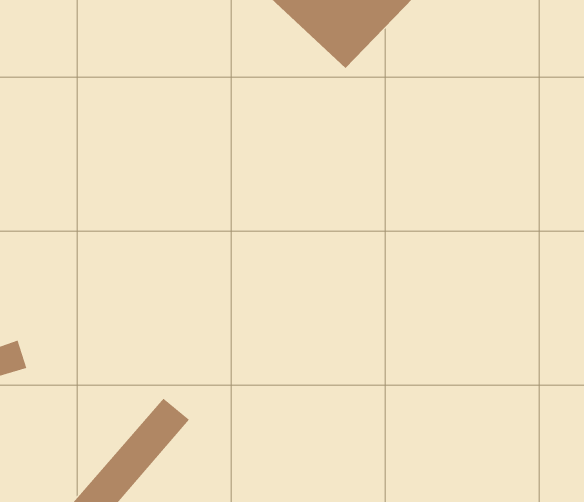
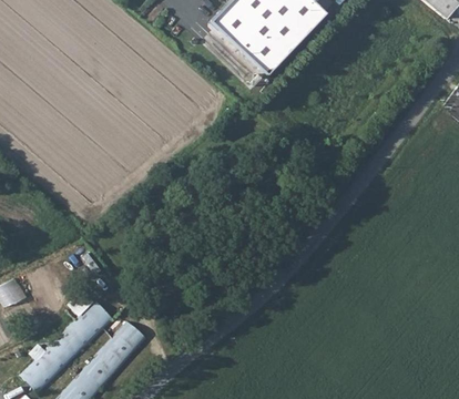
building: none -> [22,300,118,390]

